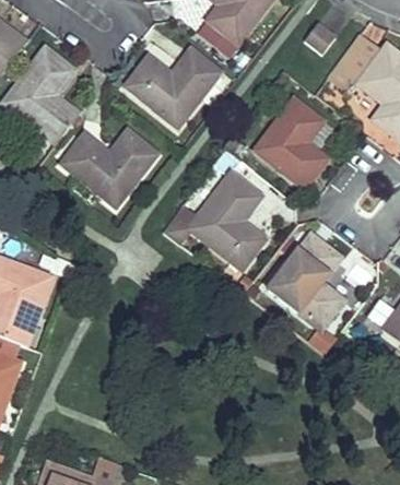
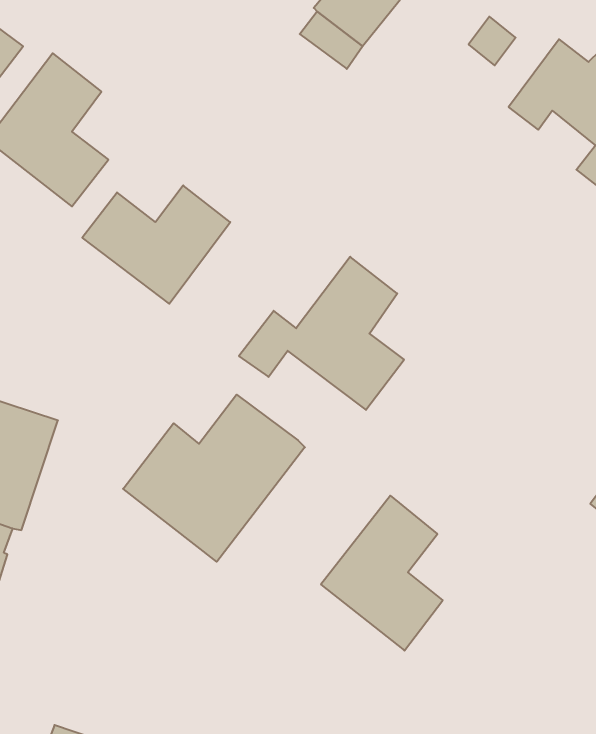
building: [127,48,219,123] -> none
building: [254,97,328,188] -> none
building: [268,233,344,330] -> [321,496,443,651]
building: none -> [123,395,305,562]

